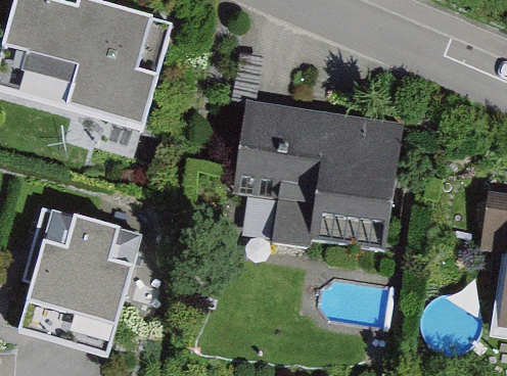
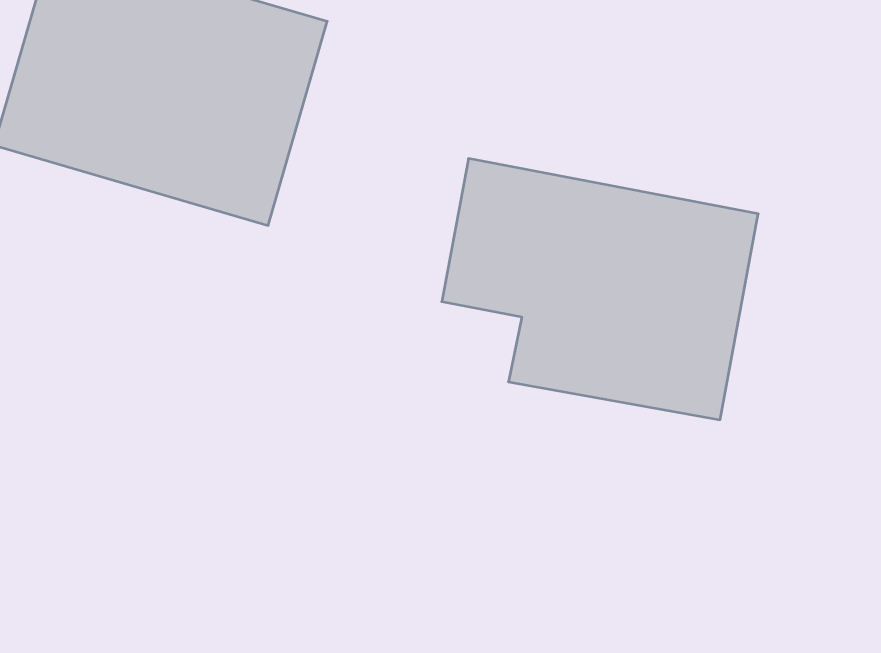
building: [8,201,131,342] -> none

